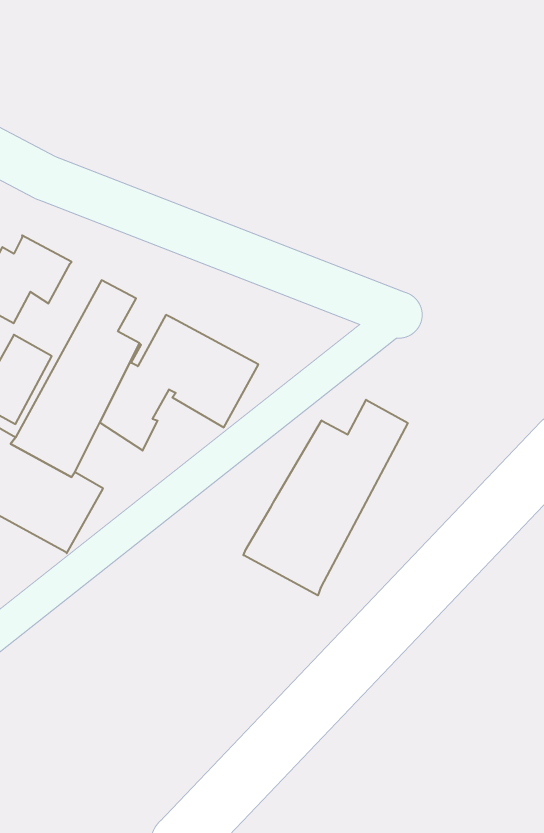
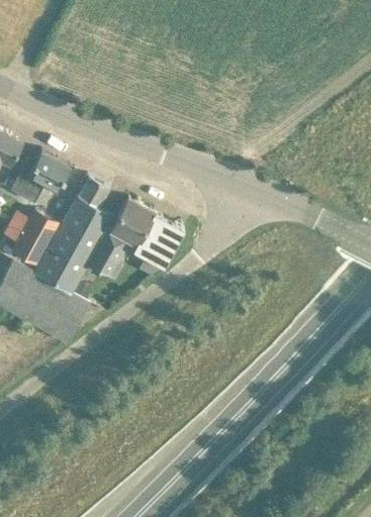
building: [243,400,408,595] -> none

